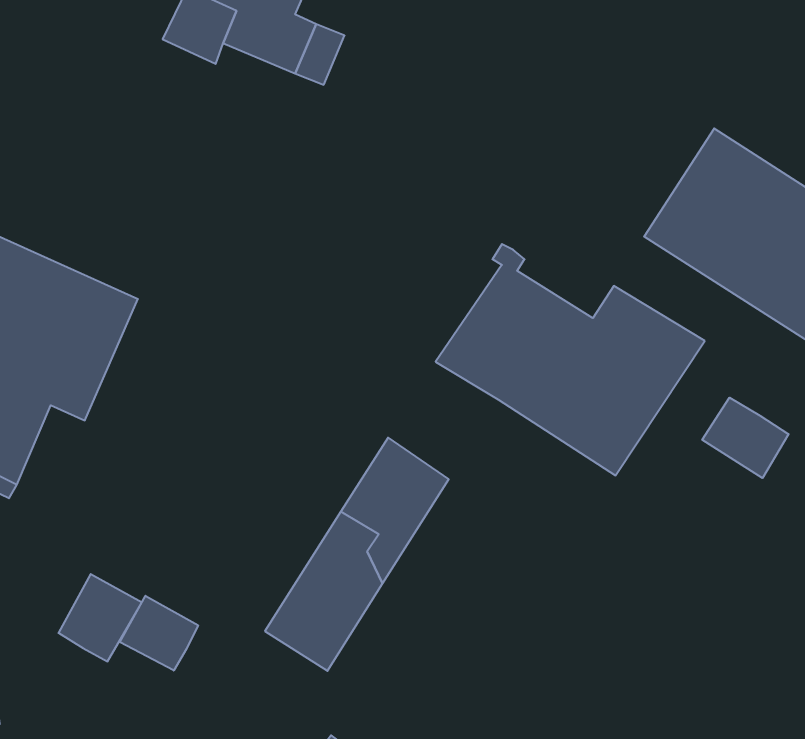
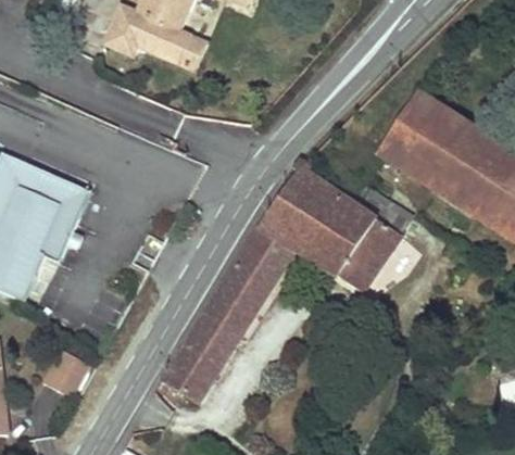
building: none -> [231,227,294,294]
building: [702,398,789,478] -> none
building: [120,596,198,671] -> none

